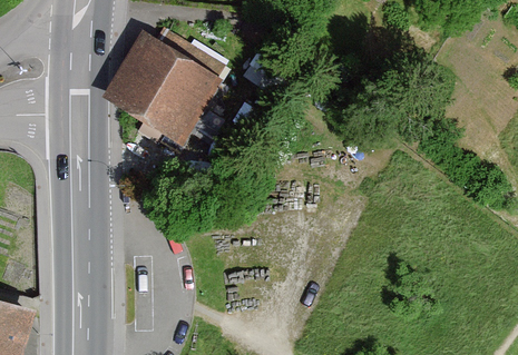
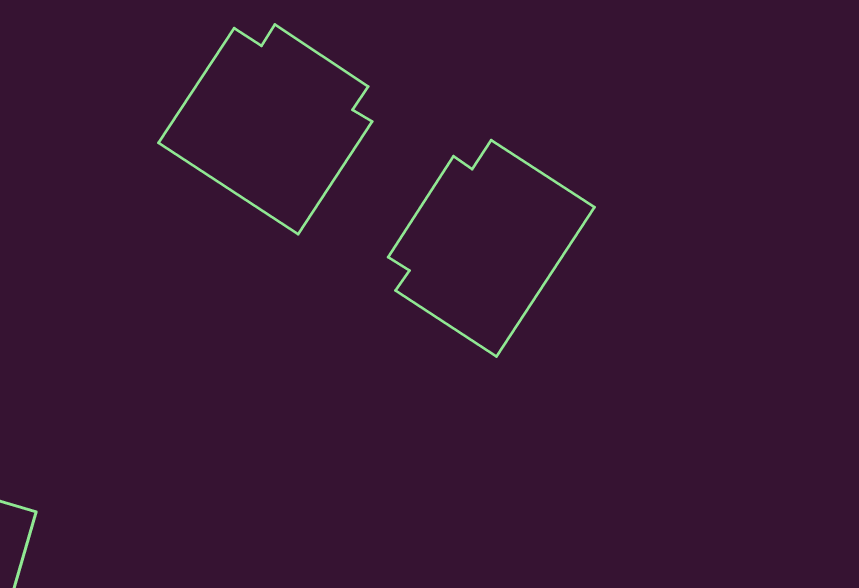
building: none -> [388,140,594,357]

